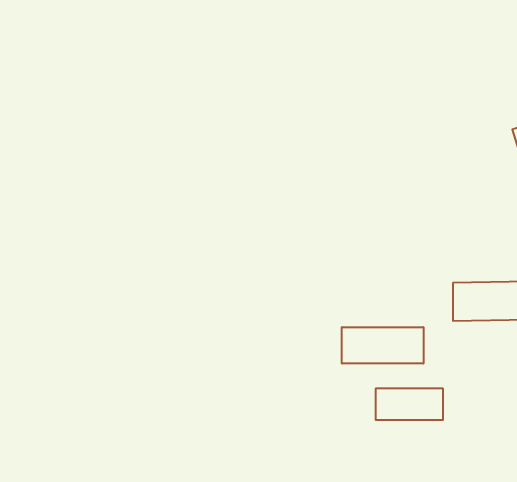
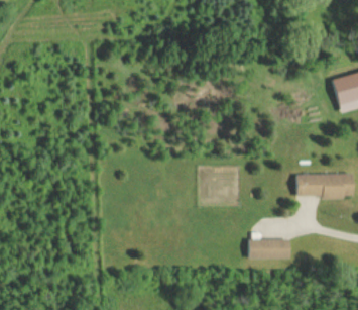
building: [342,327,423,364] -> none

